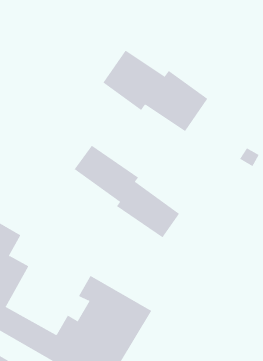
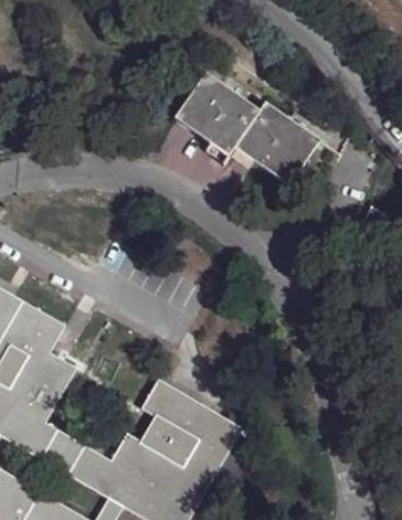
building: [74,145,180,238] -> none

